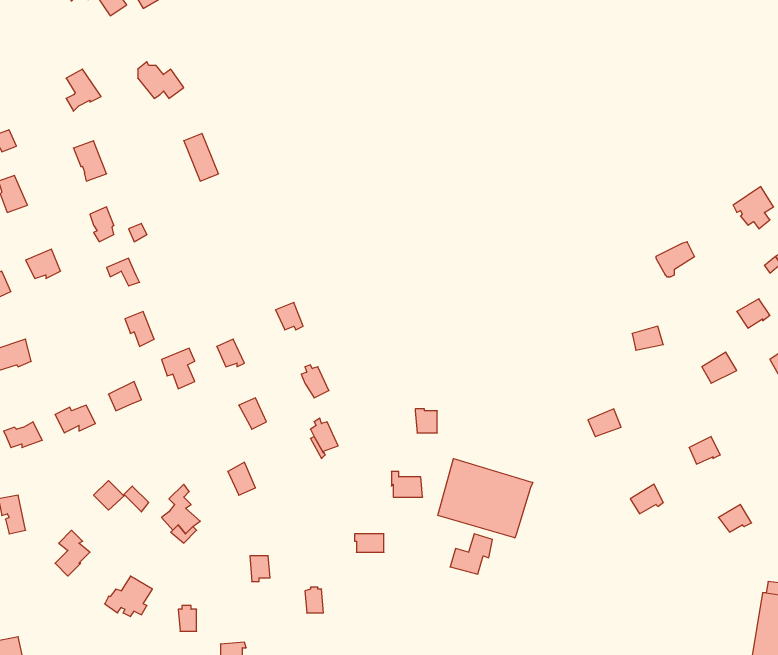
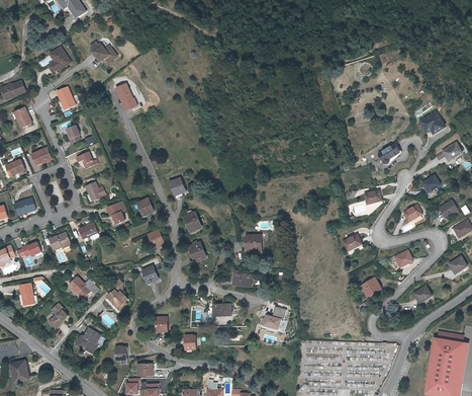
building: [438,459,533,538] -> none

